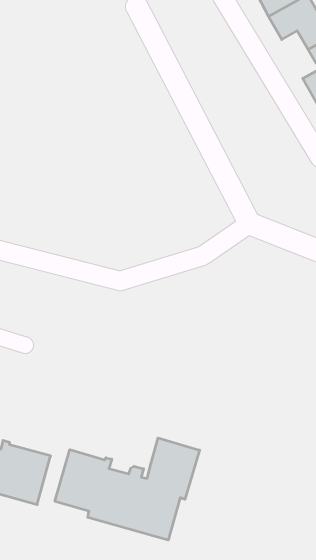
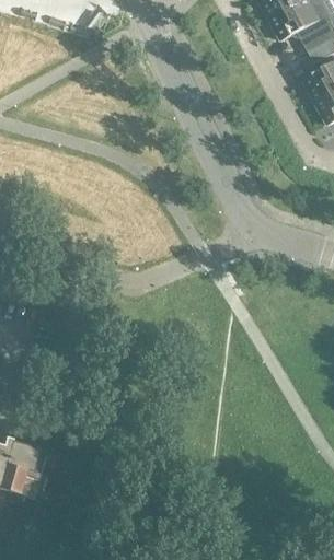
building: [55,438,200,540] -> none

